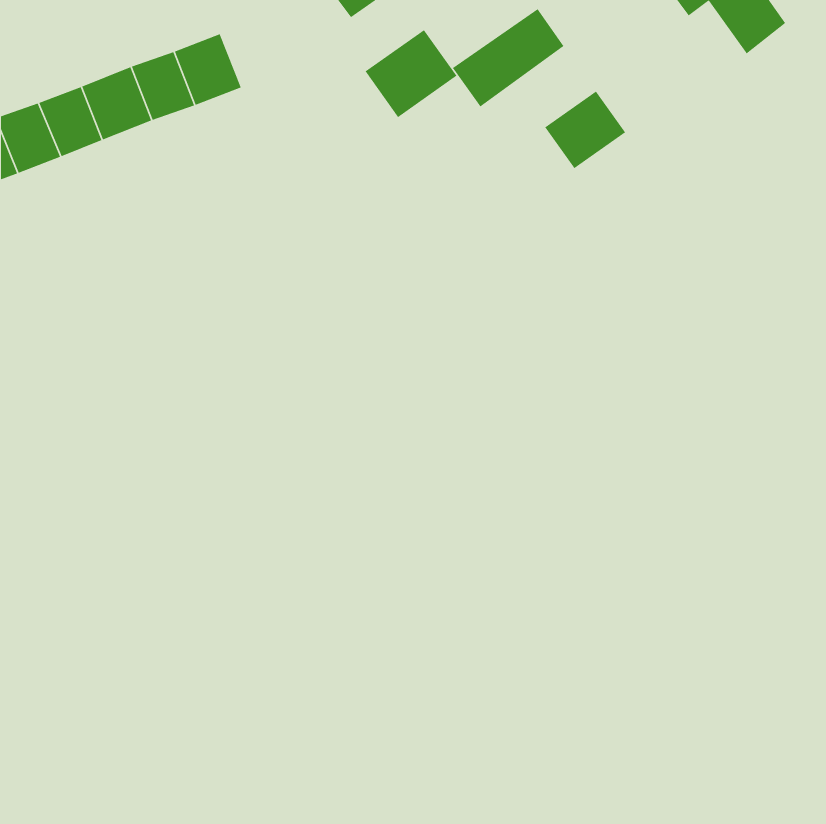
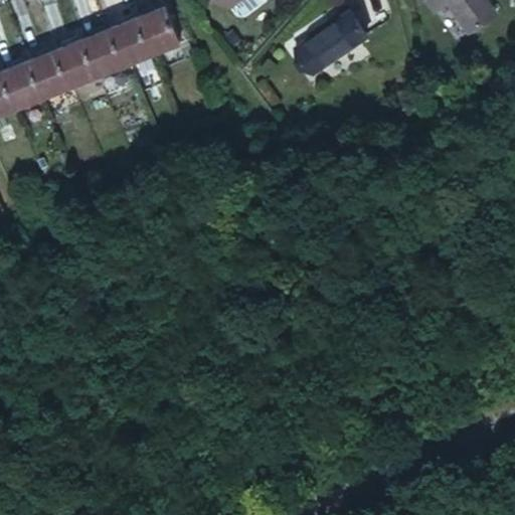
building: none -> [146,11,184,53]
building: [365,29,458,118] -> none
building: [544,90,626,169] -> none

